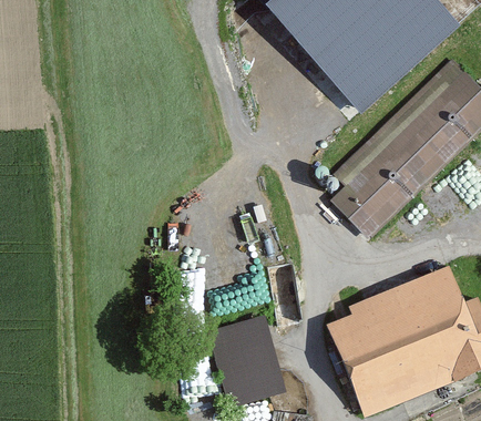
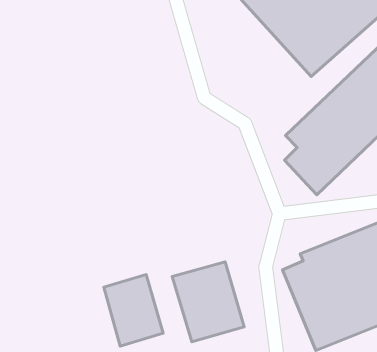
building: none -> [104,275,163,346]

